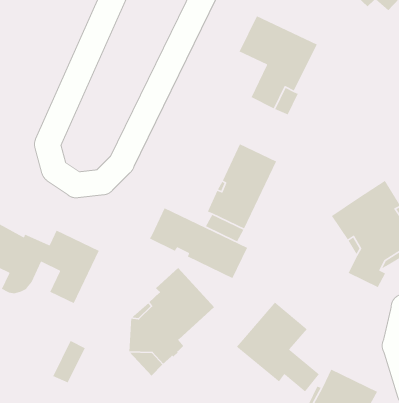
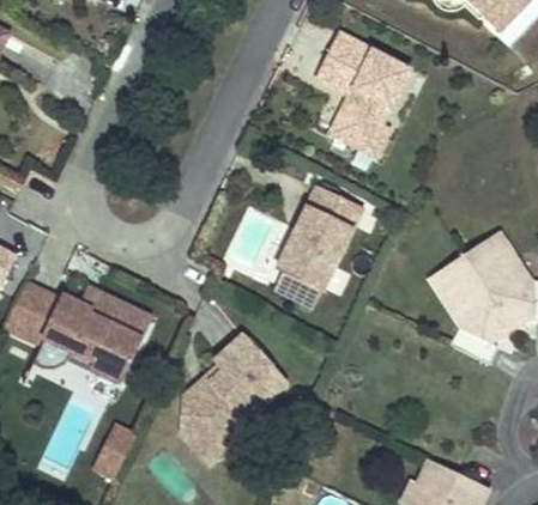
building: [149,207,248,279] -> none
building: [236,302,320,392] -> none

